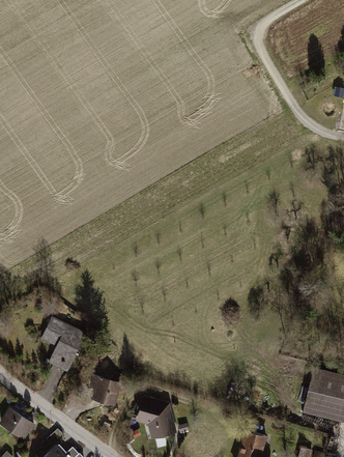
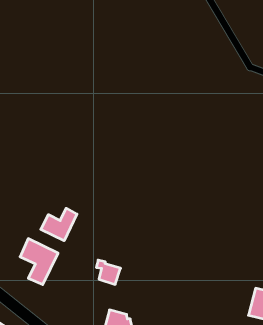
building: none -> [41,208,77,241]
building: [91,376,119,404] -> [96,260,121,284]

